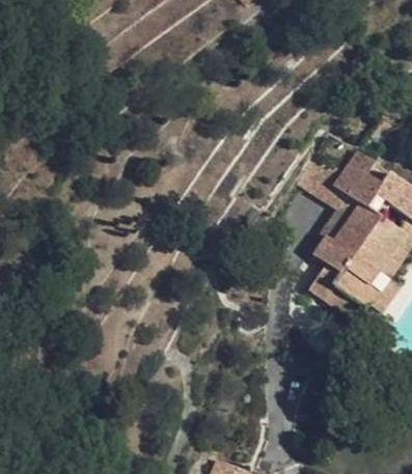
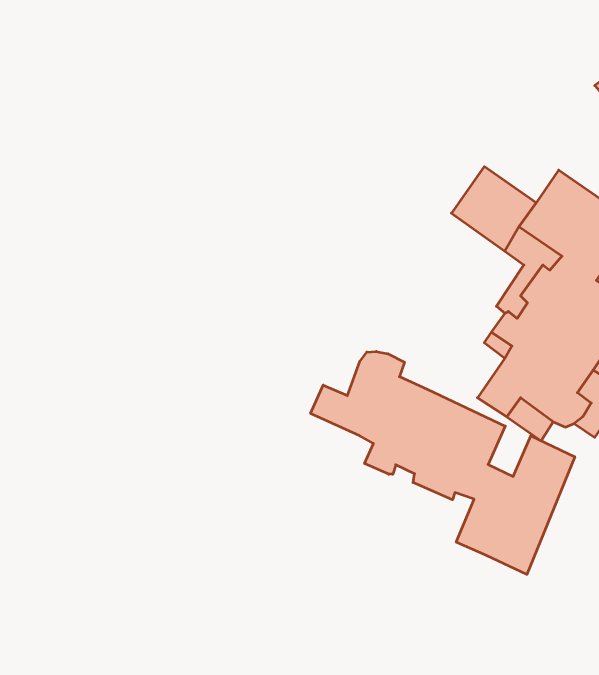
building: none -> [311,351,575,574]

